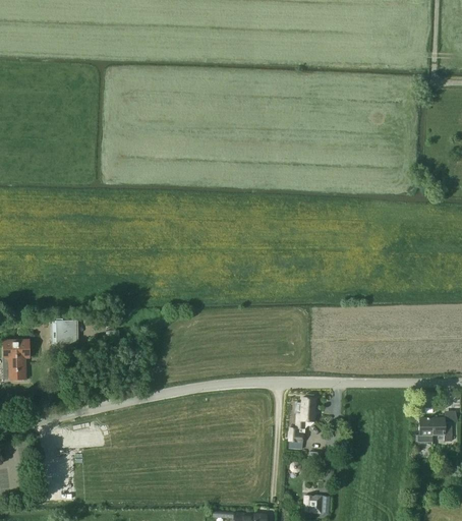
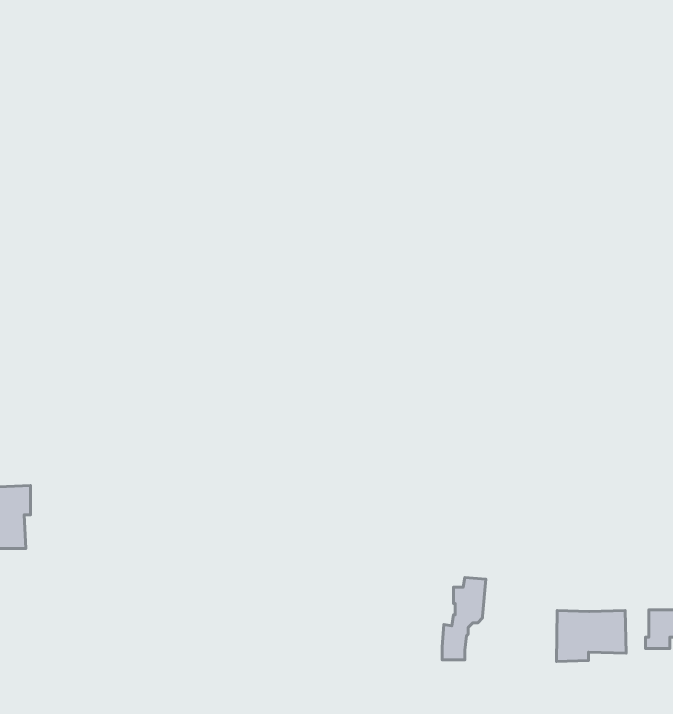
building: [49,317,81,343] -> none
building: none -> [556,610,626,661]

